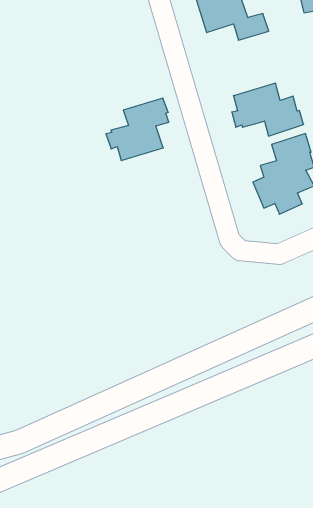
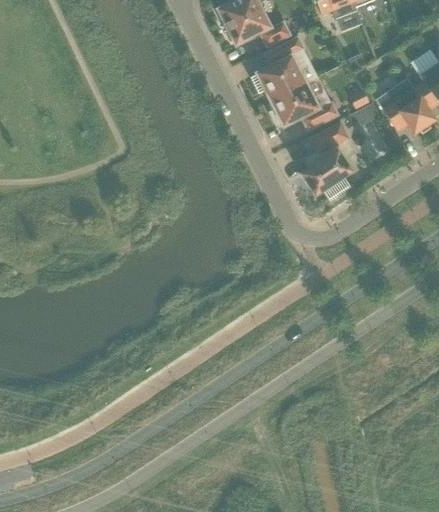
building: [106,98,169,161] -> [252,36,307,99]

